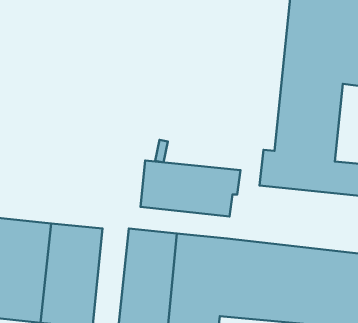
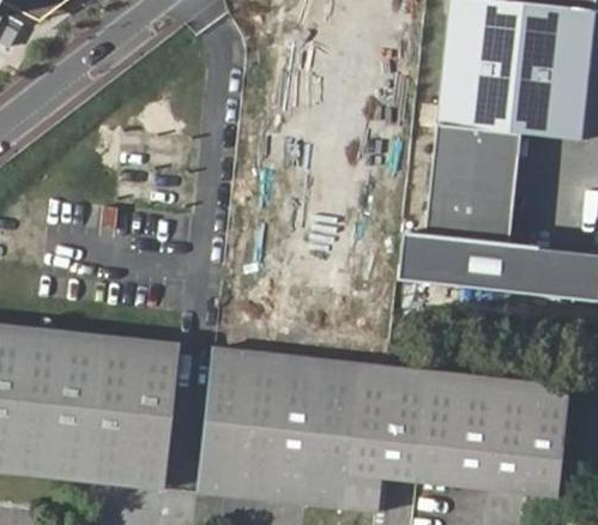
building: [140,160,241,217] -> none

